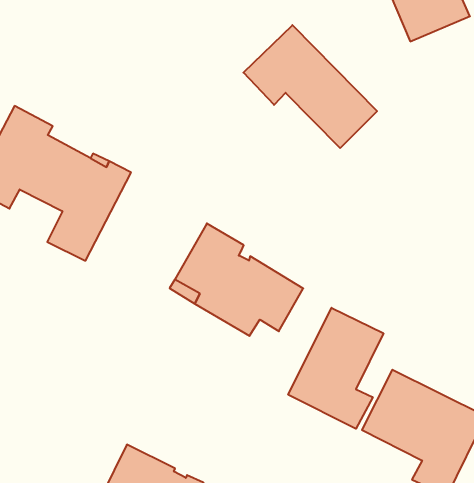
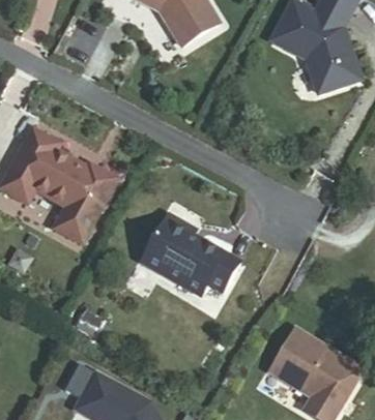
building: [243,25,377,148] -> none
building: [288,308,383,429] -> none

